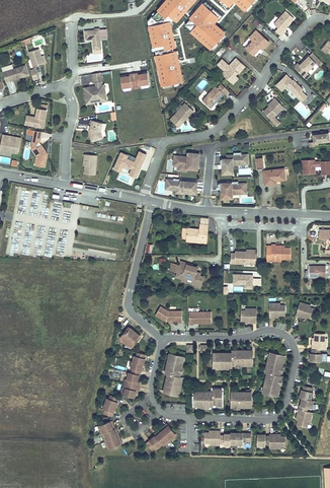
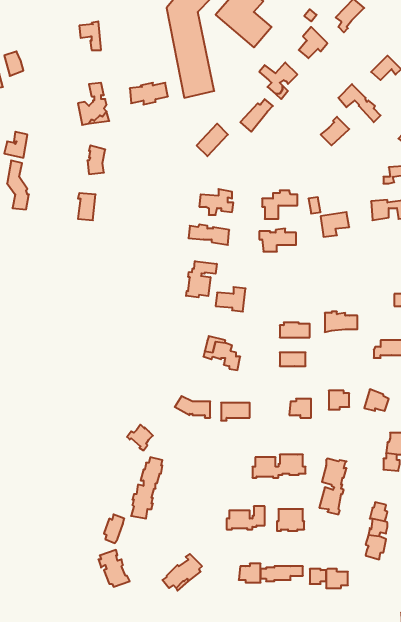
building: [111,150,146,178] -> none
building: none -> [186,261,217,297]
building: [163,355,183,396] -> none

